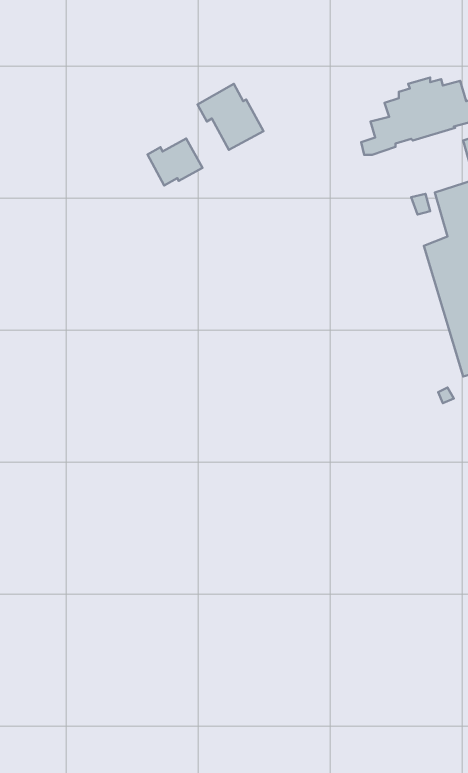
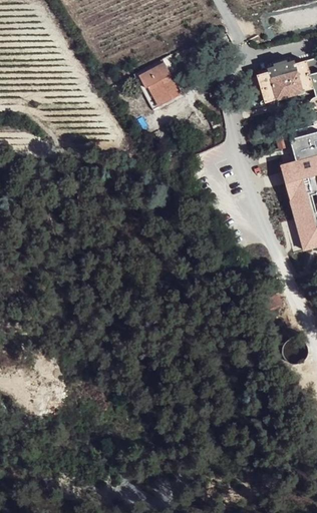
building: [147,138,203,186] -> none

